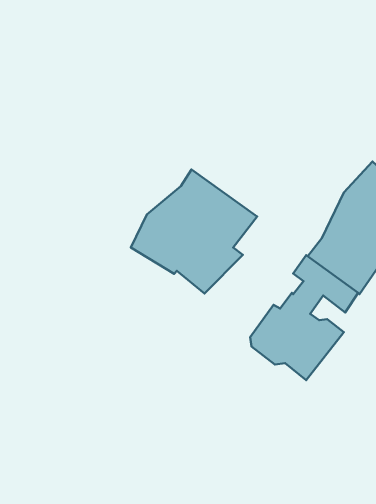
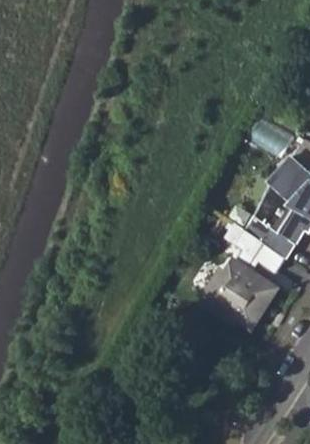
building: [131,169,257,294] -> none

